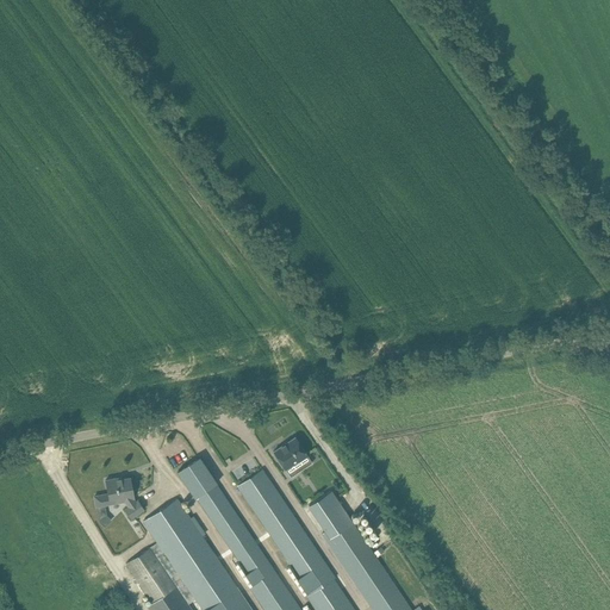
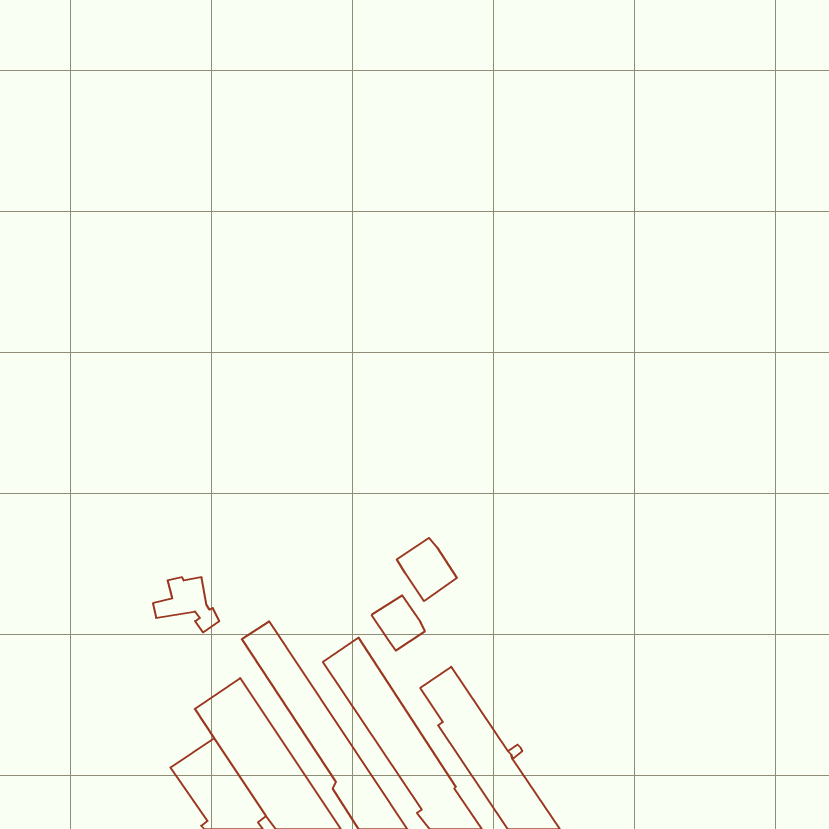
building: none -> [397,538,457,601]
building: [94,478,143,518] -> [153,577,219,632]

